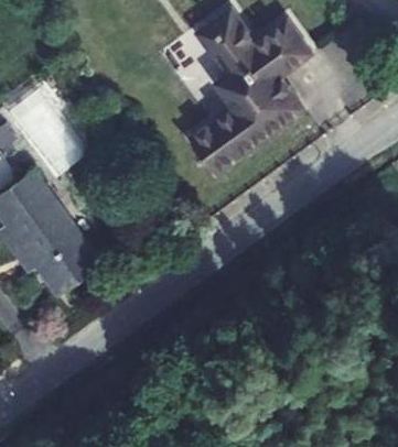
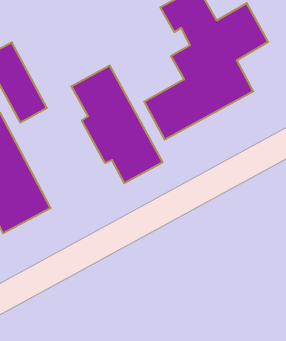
building: none -> [72,65,162,183]

